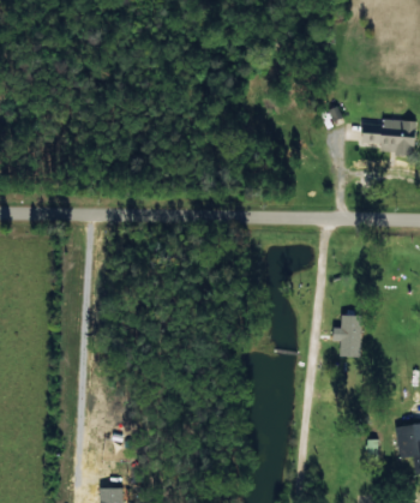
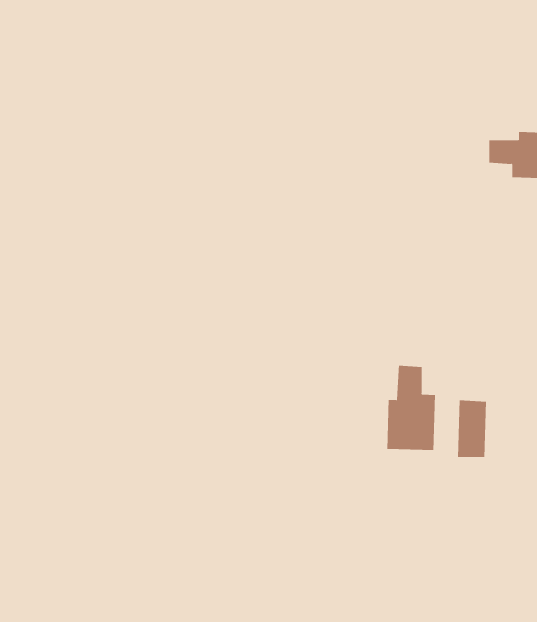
building: none -> [387,365,436,451]

